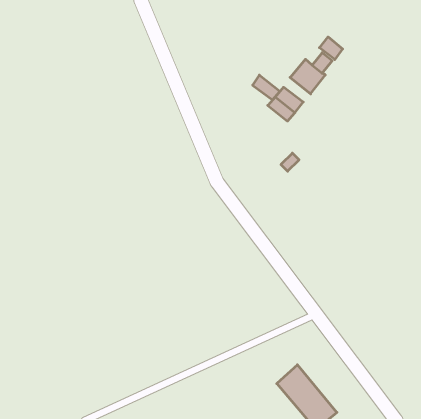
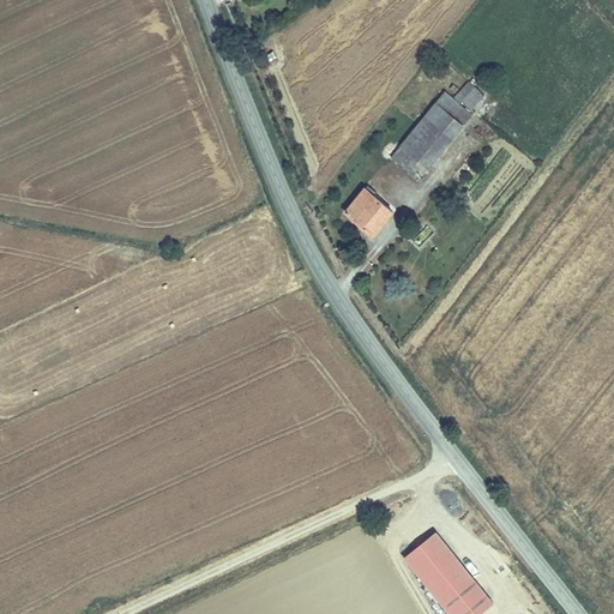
building: [319,37,343,60] -> none
building: [253,75,280,100] -> [413,115,452,151]
building: none -> [347,189,395,233]

